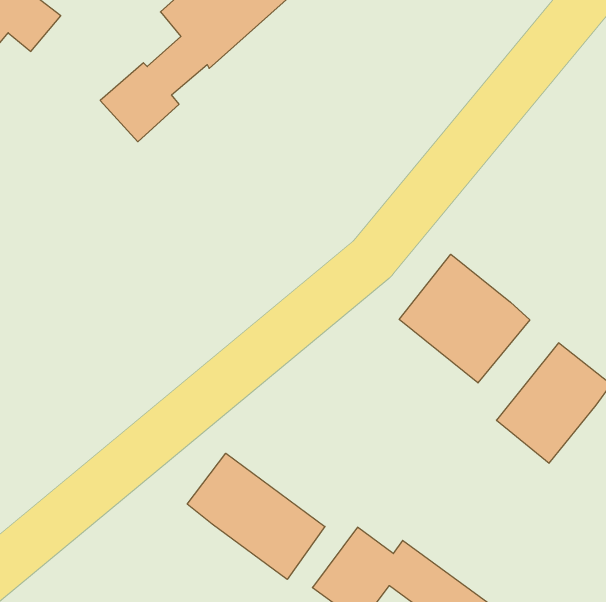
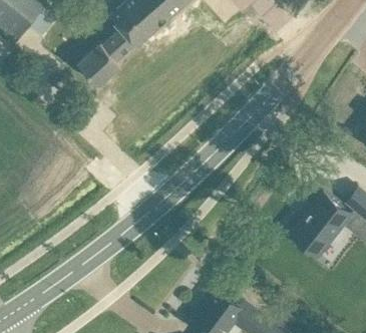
building: [399,254,530,383] -> none
building: [187,453,325,579] -> none

